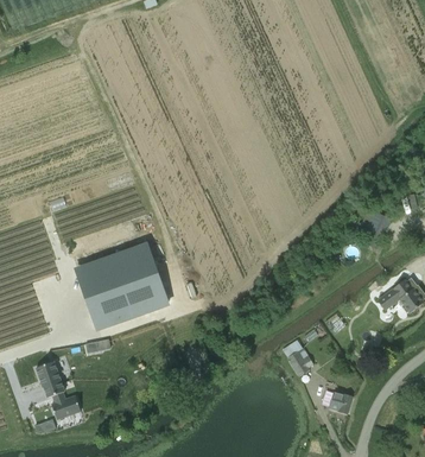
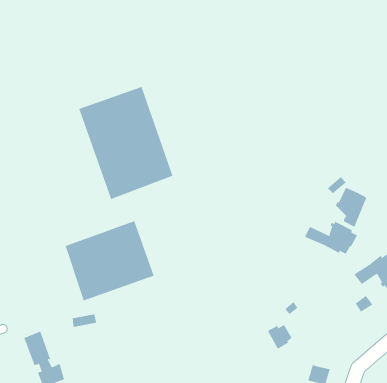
building: none -> [79,86,173,200]
building: none -> [304,221,358,254]

